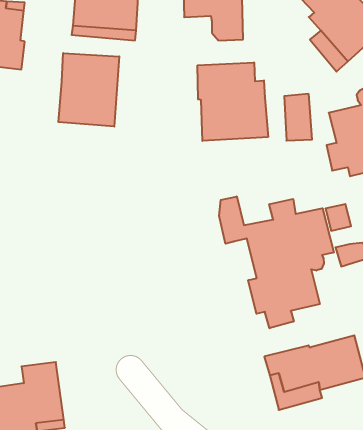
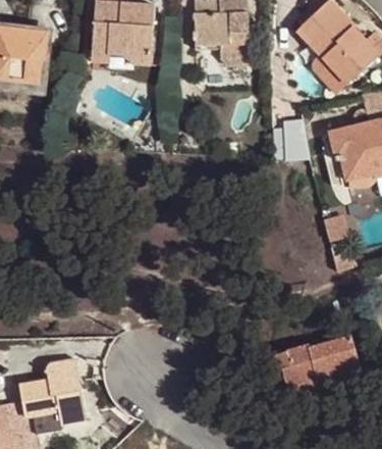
building: [58,53,119,127] -> none
building: [198,62,268,141] -> none
building: [219,196,334,328] -> none

